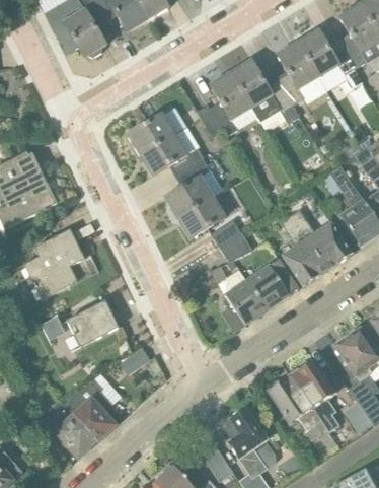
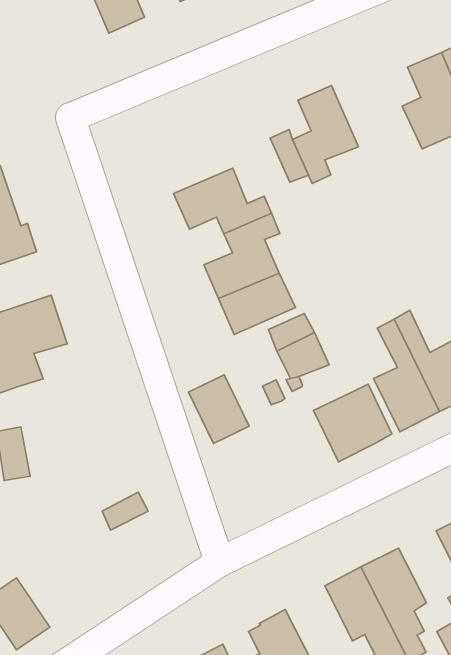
building: [230,60,299,123] -> none
building: [127,113,174,154] -> none
building: [225,280,267,325] -> [188,375,249,444]
building: [66,299,119,346] -> none
building: [72,377,116,440] -> none

